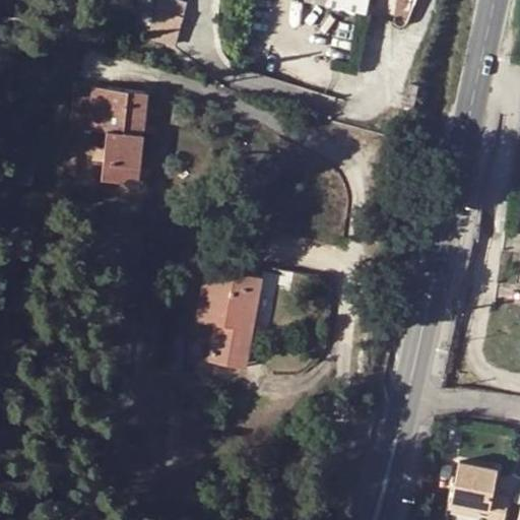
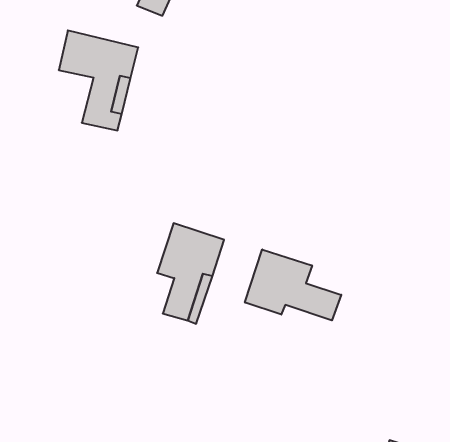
building: none -> [245,249,341,320]

